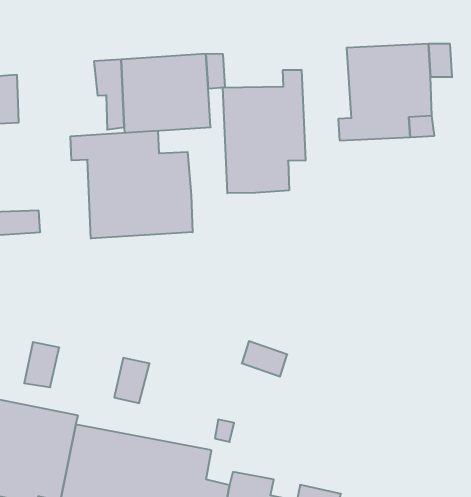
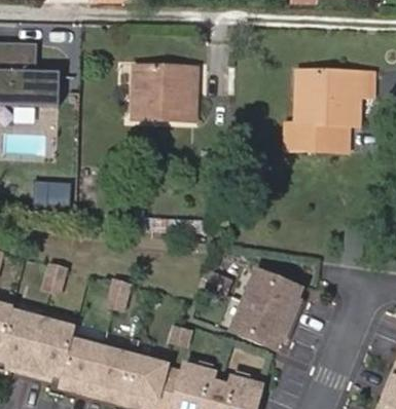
building: [223,70,305,193] -> none
building: [71,131,193,239] -> none
building: none -> [226,272,304,354]

